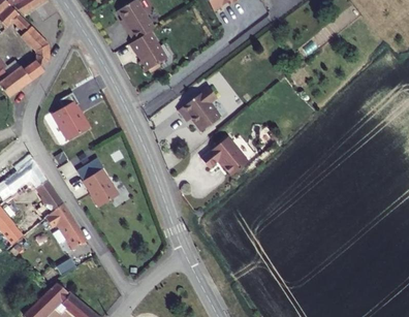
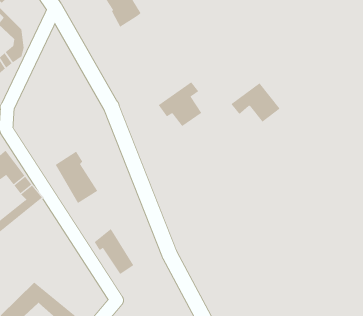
building: [132,29,170,70] -> none
building: [52,92,88,139] -> none
building: [208,132,255,170] -> [231,82,280,123]
building: [48,201,86,246] -> [94,228,134,275]

